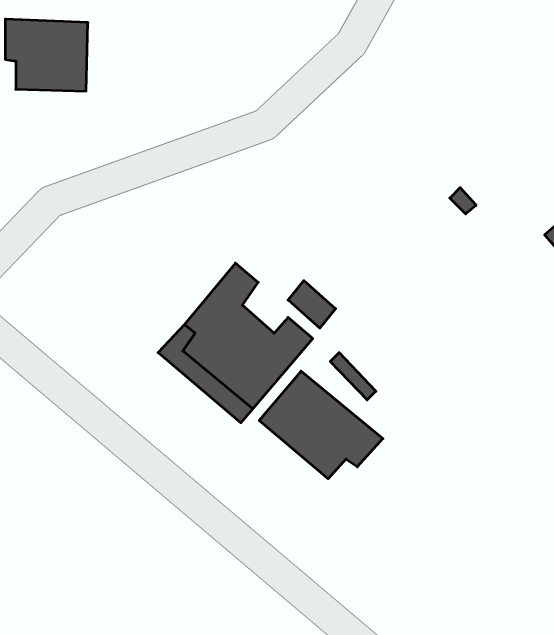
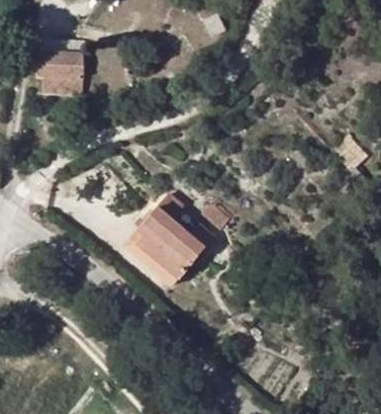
building: [259,371,383,479] -> none

